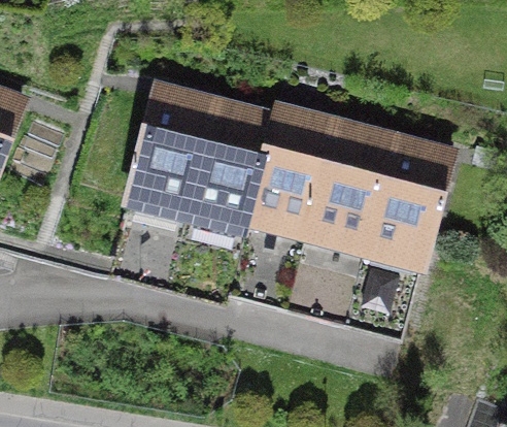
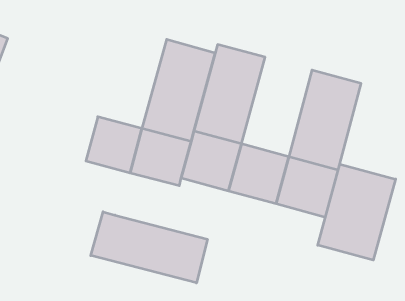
building: [133,77,216,200] -> none
building: [307,113,393,234] -> none
building: none -> [318,164,396,260]
building: none -> [91,212,207,283]

